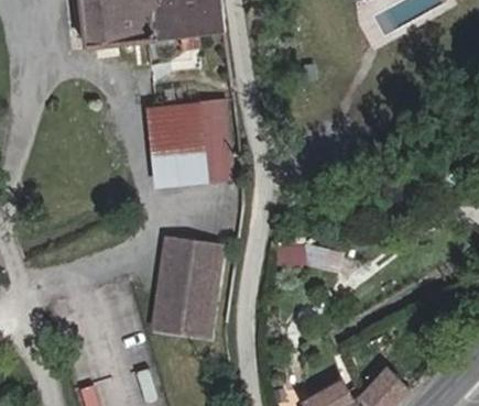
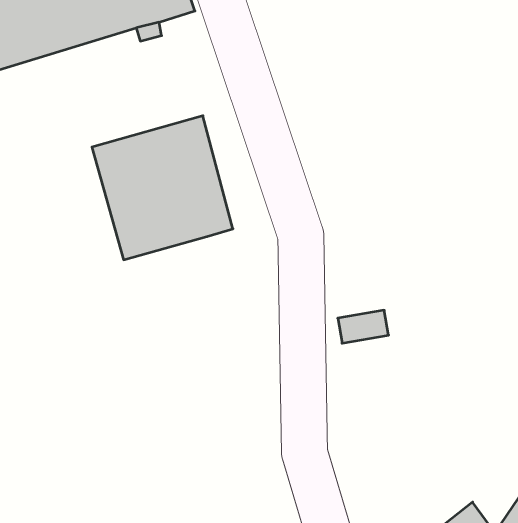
building: [164,229,222,325] -> none

